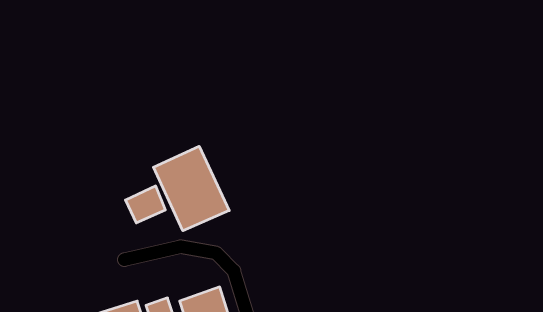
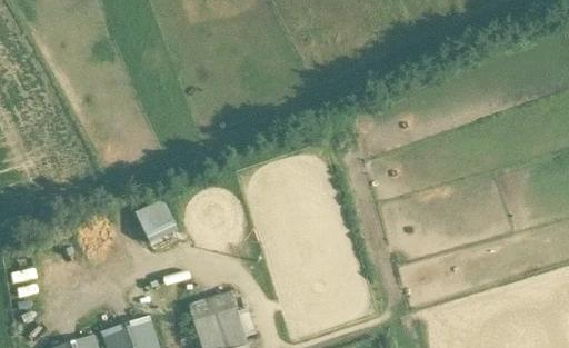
building: [153,146,229,231] -> none

